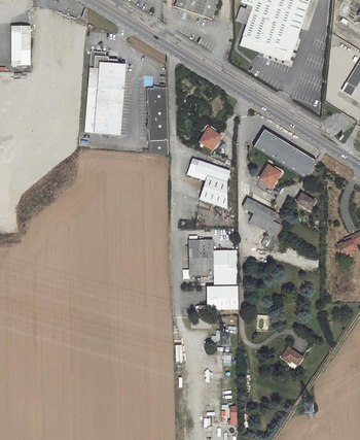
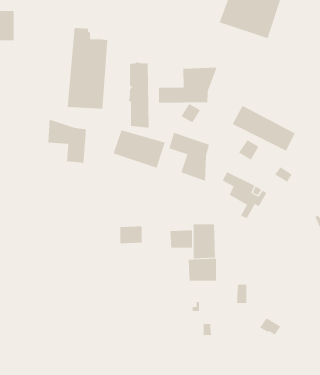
building: none -> [158,67,217,104]
building: none -> [48,119,86,163]
building: none -> [113,129,165,168]
building: [188,239,212,258] -> [119,226,143,244]

